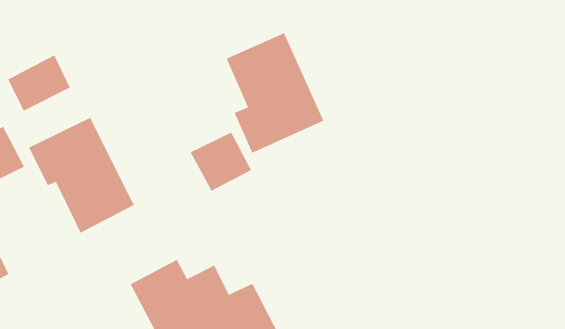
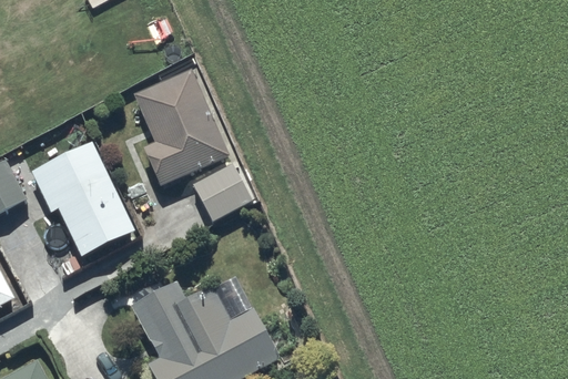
building: [226,33,324,153] -> [133,70,230,188]
building: [8,54,70,111] -> none

